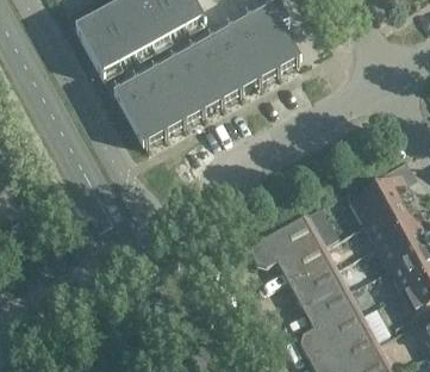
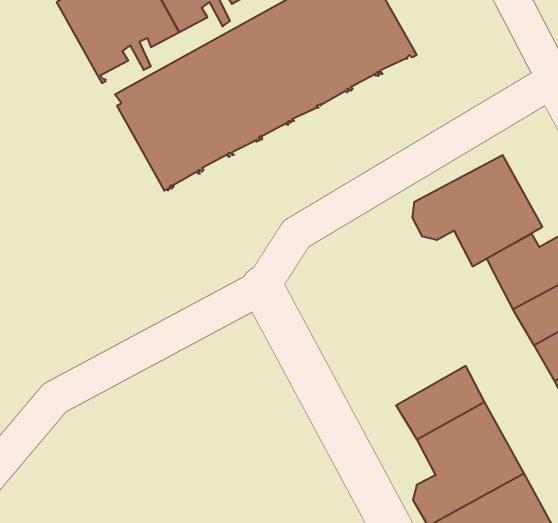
building: [251,211,334,281] -> [412,155,542,266]

